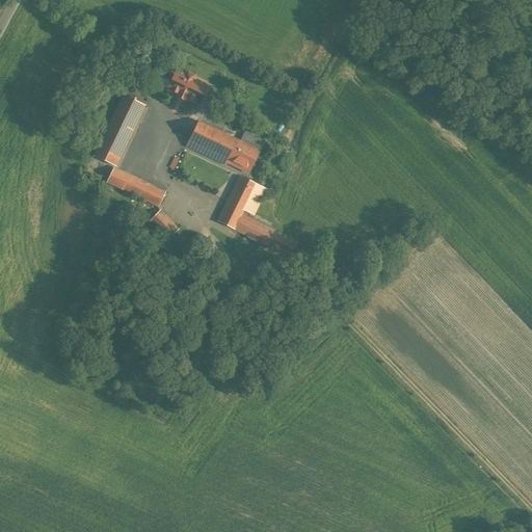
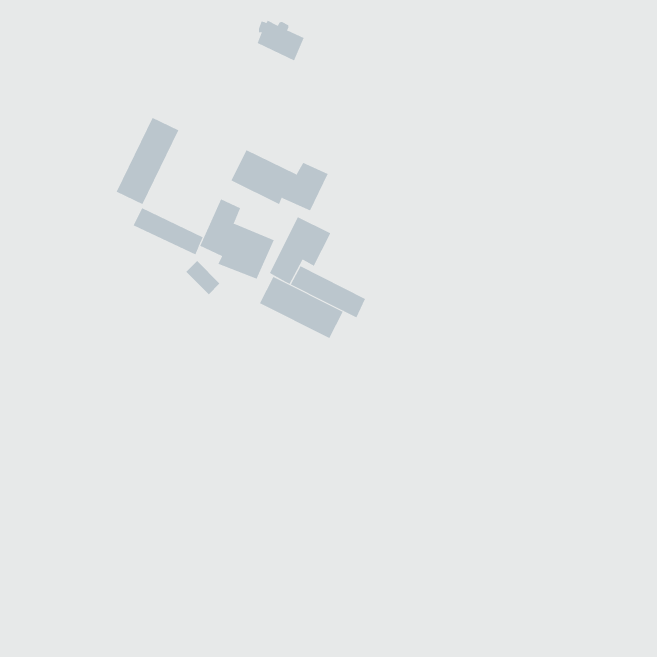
building: [169,71,208,104] -> [257,20,305,61]
building: none -> [200,199,274,280]
building: none -> [259,276,343,339]

